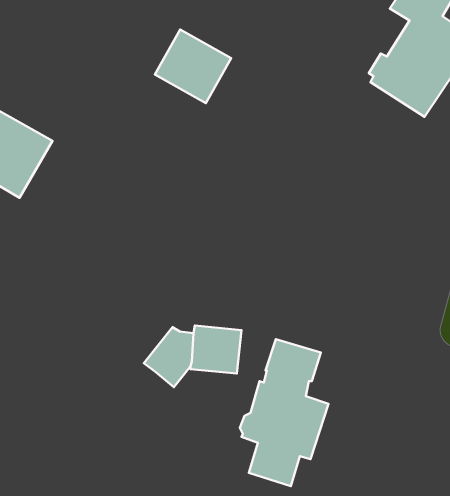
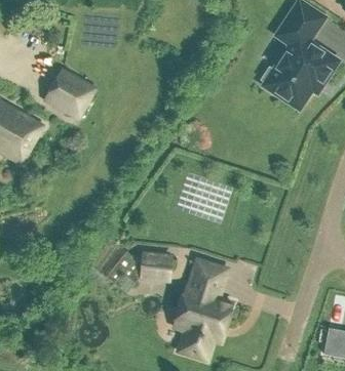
building: [155,30,231,103] -> [43,68,95,118]

